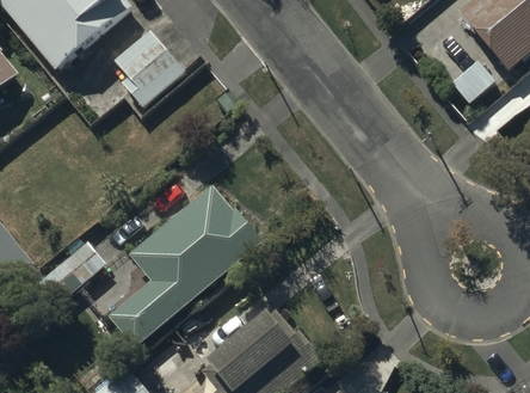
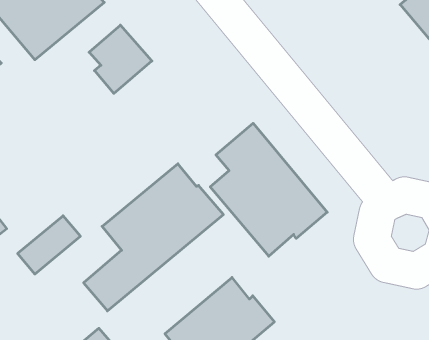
building: none -> [210,123,327,256]

